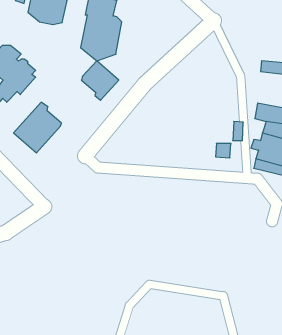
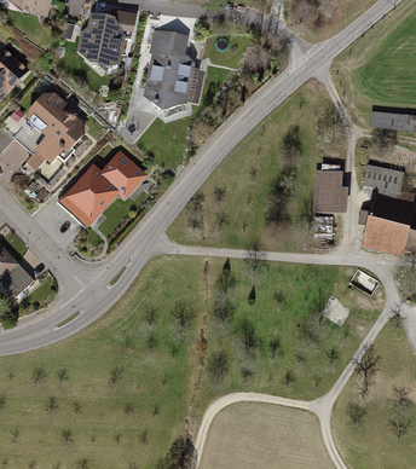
building: [81,61,119,100] -> [100,150,148,199]
building: none -> [317,172,337,212]

